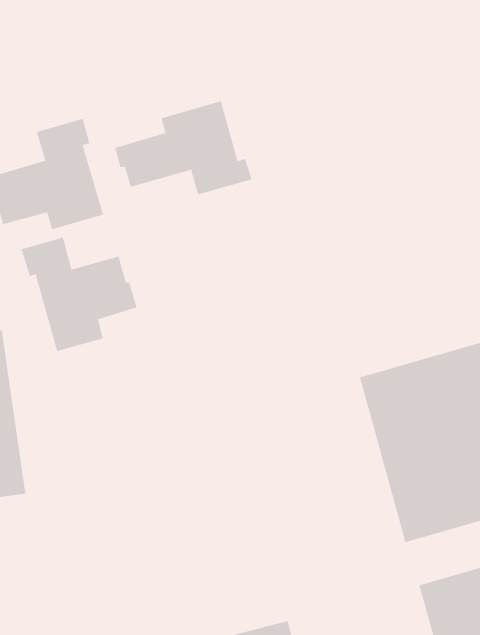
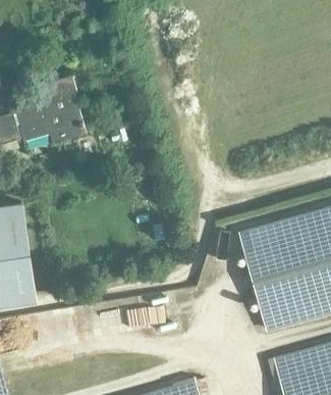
building: [114,101,252,195] -> none
building: [21,237,137,352] -> none

